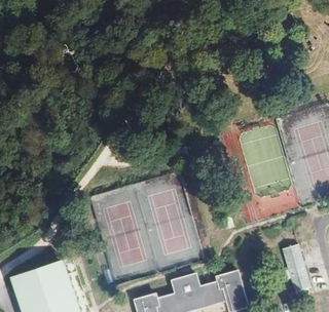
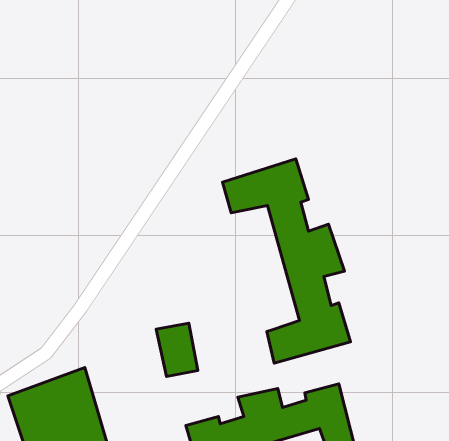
building: none -> [223,159,351,363]
building: [282,243,312,292] -> none

